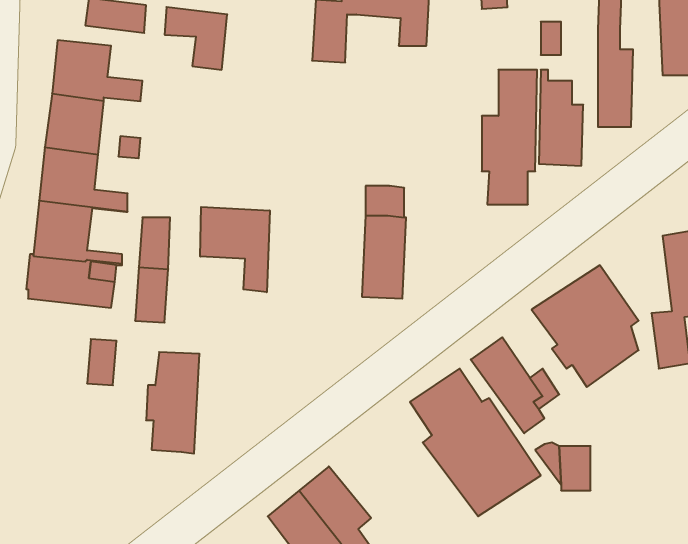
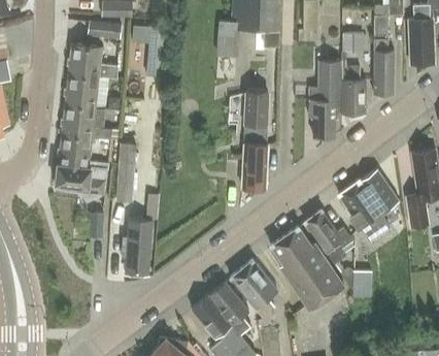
building: none -> [244,91,268,127]
building: [200,207,270,292] -> none
building: none -> [229,262,275,318]

